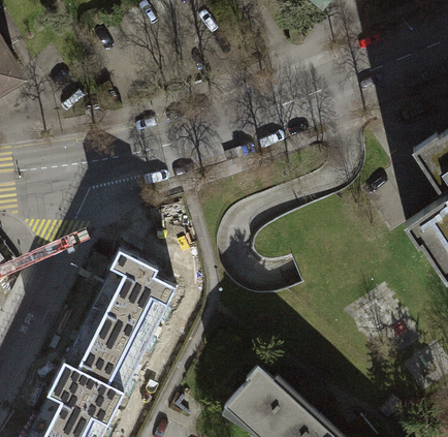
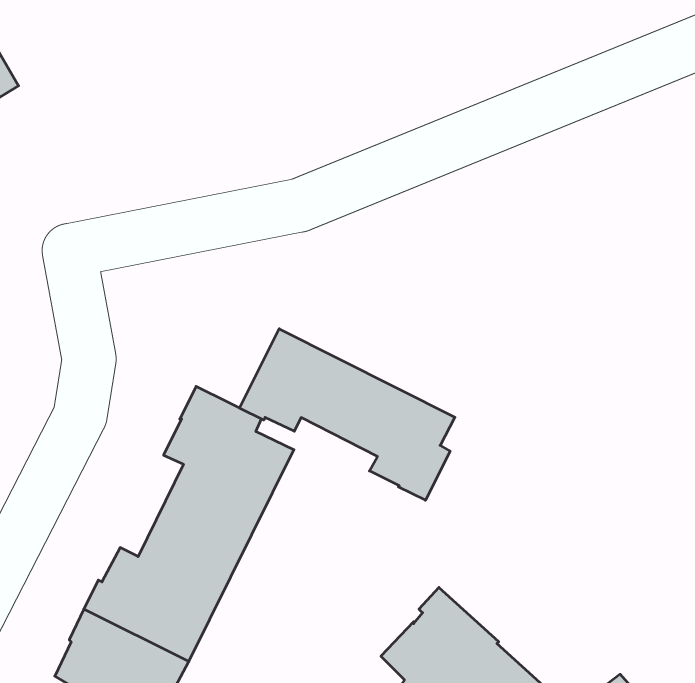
building: none -> [240,329,455,500]

